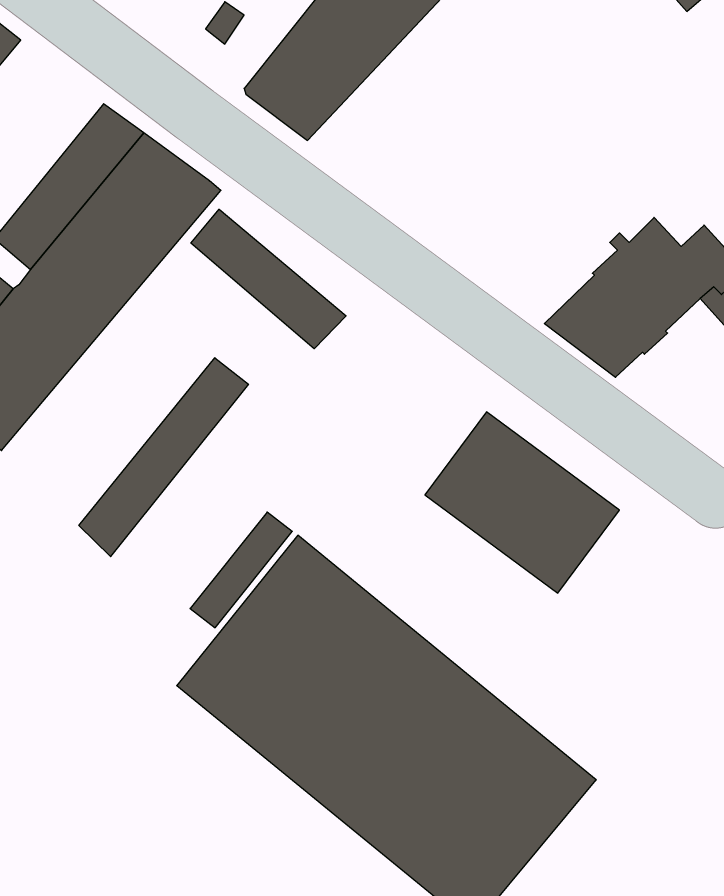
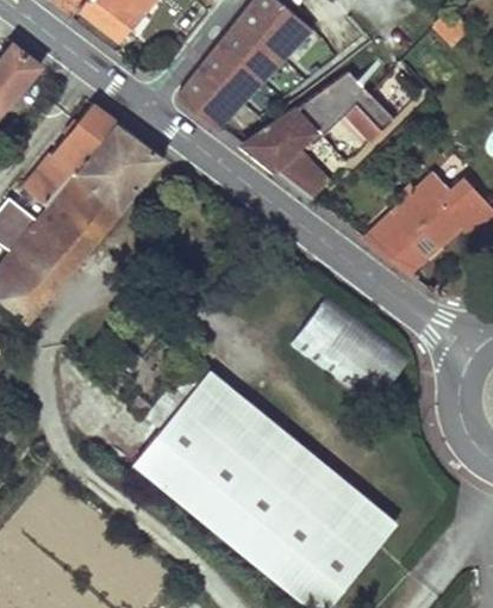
building: none -> [242,72,394,199]
building: [191,209,346,349] -> none
building: [79,358,248,557] -> none

